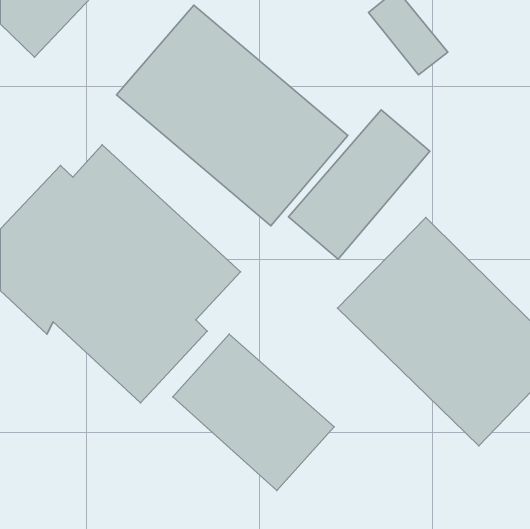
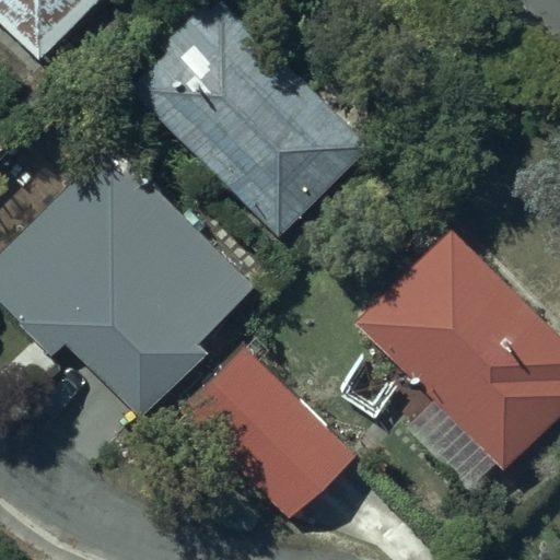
building: [288,110,430,259] -> none

